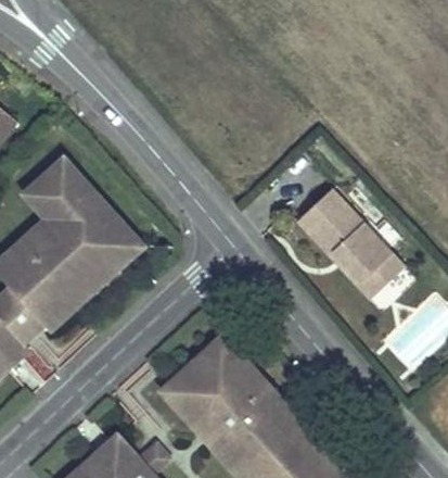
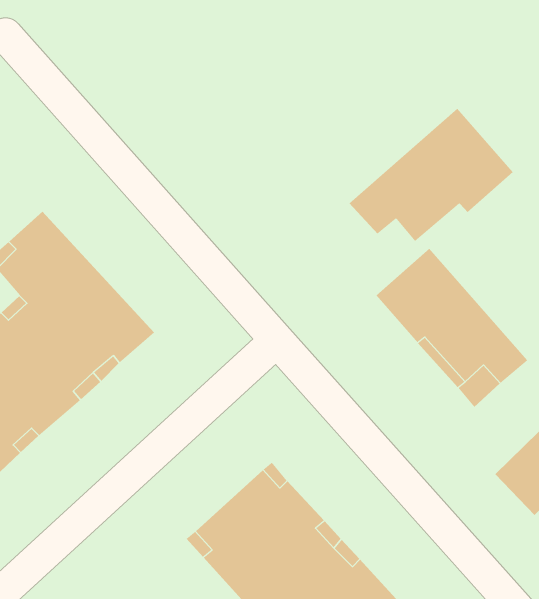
building: none -> [348,108,513,242]

